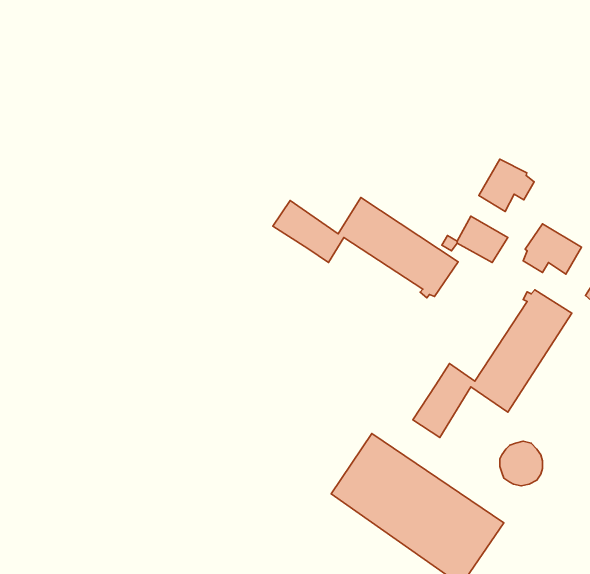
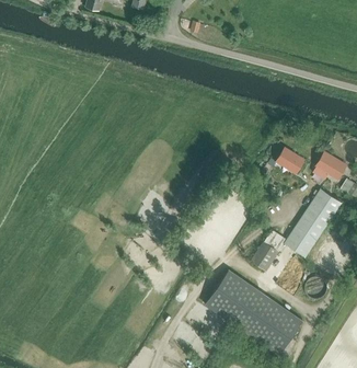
building: [479,159,534,211] -> none
building: [273,197,458,298] -> none

